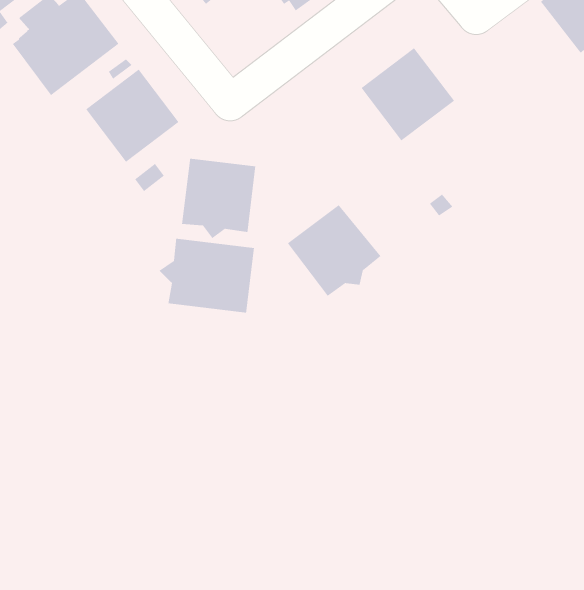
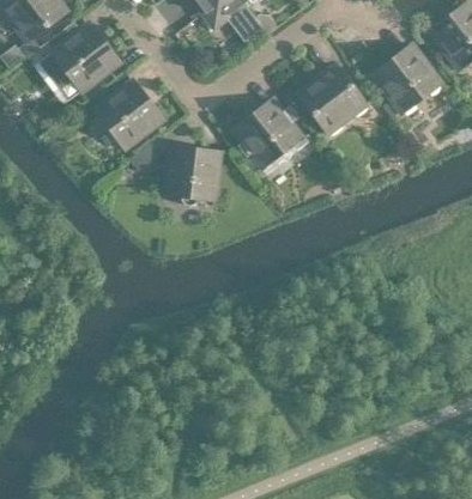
building: none -> [373,44,441,114]
building: [287,204,381,297] -> [234,99,303,168]
building: [159,238,255,313] -> none

